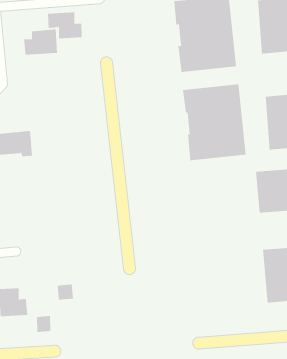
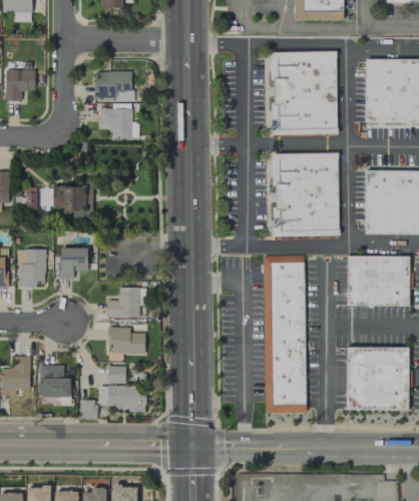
building: [47,12,83,39] -> [99,107,139,138]
building: none -> [263,255,306,412]
building: none -> [59,247,88,279]
building: none -> [107,287,146,317]
building: none -> [108,327,145,354]
building: none -> [99,386,146,412]

